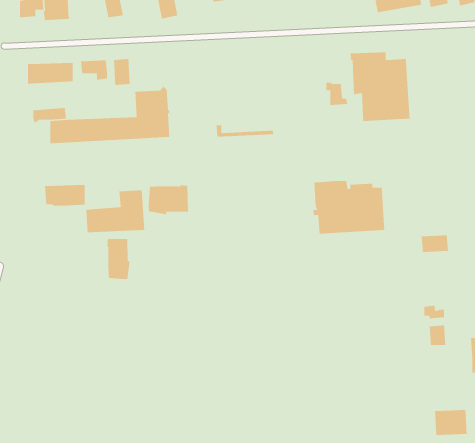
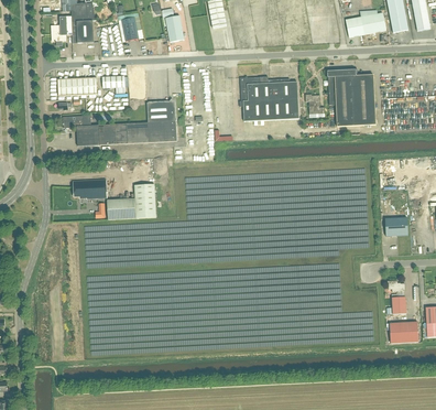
building: [312,180,385,234] -> [239,76,299,121]
building: [148,184,189,215] -> none
building: [106,238,131,280] -> none
building: [434,409,467,436] -> [391,321,418,343]

